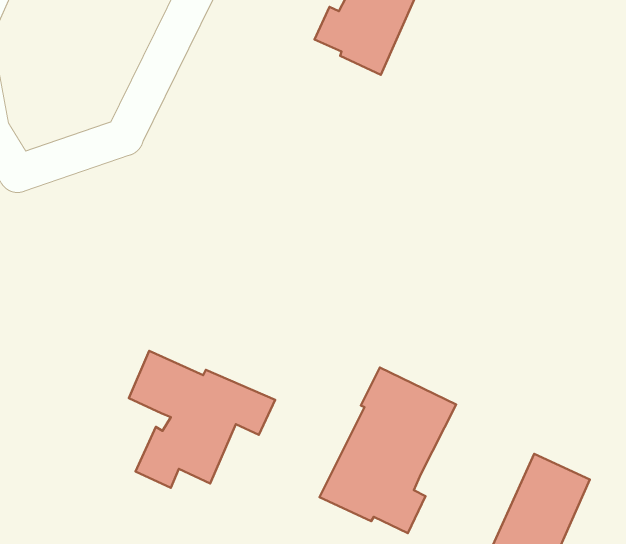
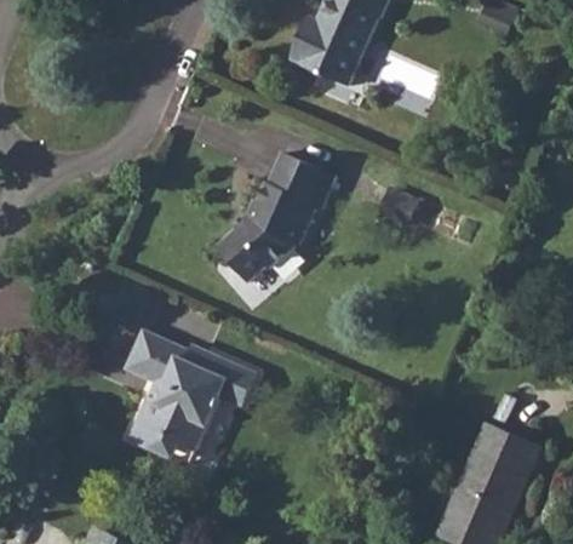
building: none -> [211,153,334,285]
building: [319,367,456,533] -> none

